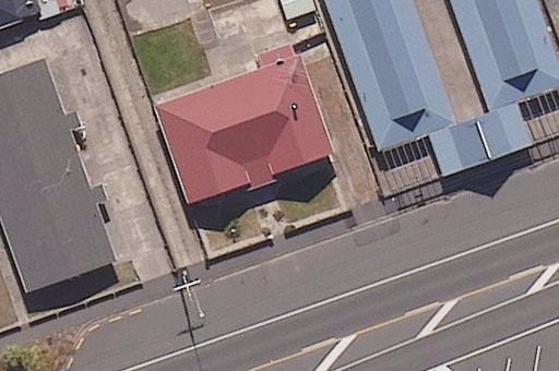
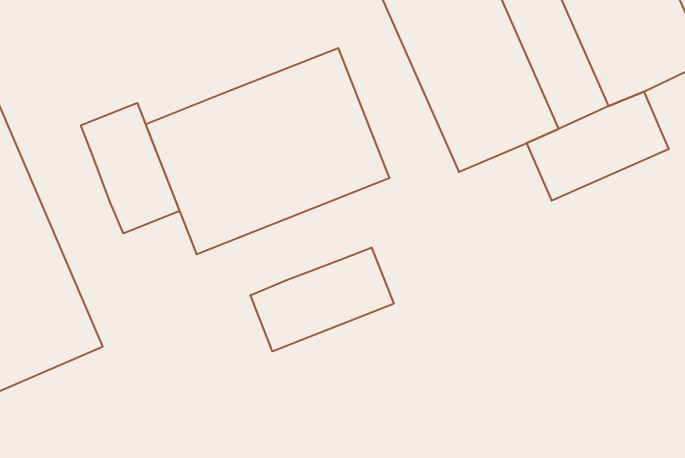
building: none -> [81,103,180,233]
building: none -> [250,248,394,351]

